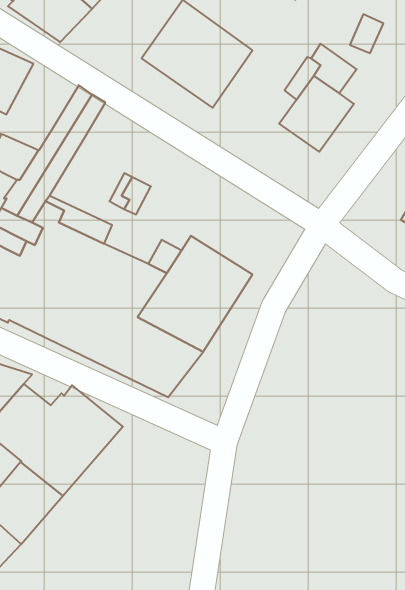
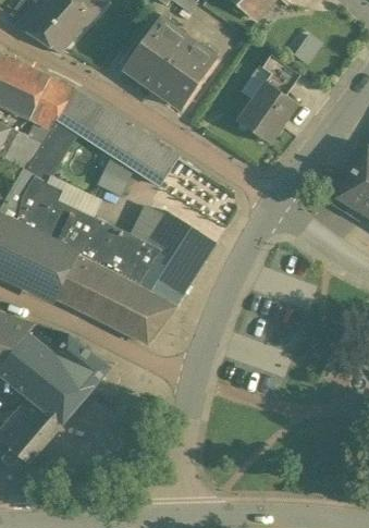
building: none -> [14,71,73,128]
building: none -> [77,102,177,185]

